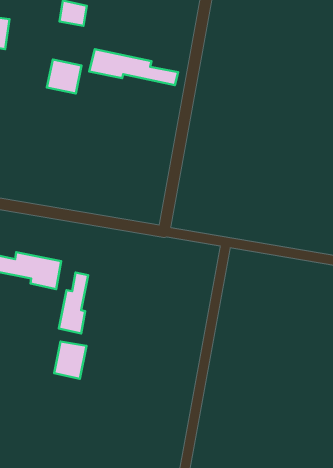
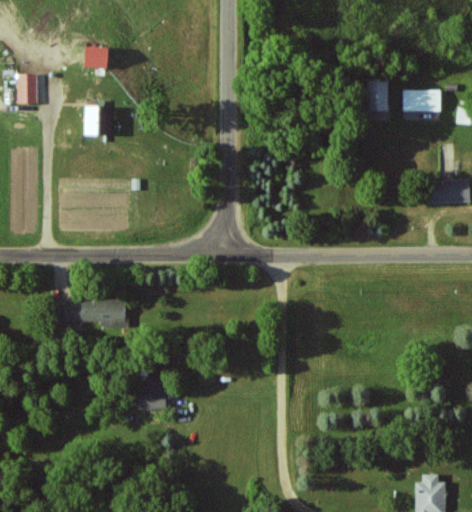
building: [89,49,178,85] -> none
building: [59,272,88,333] -> none

